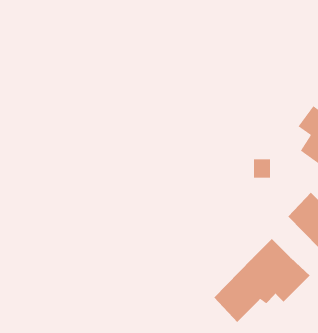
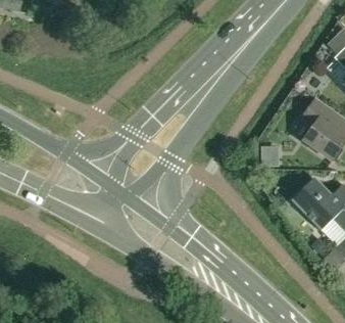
building: [213,238,311,323] -> none

